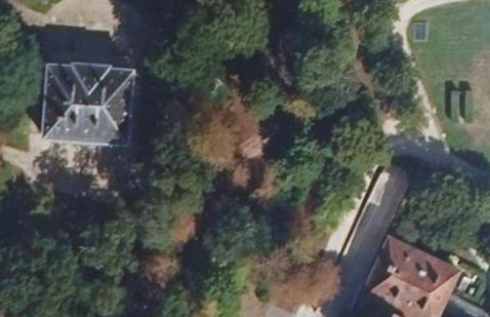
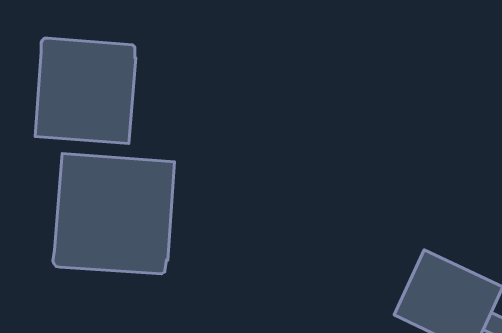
building: none -> [53,153,174,274]

